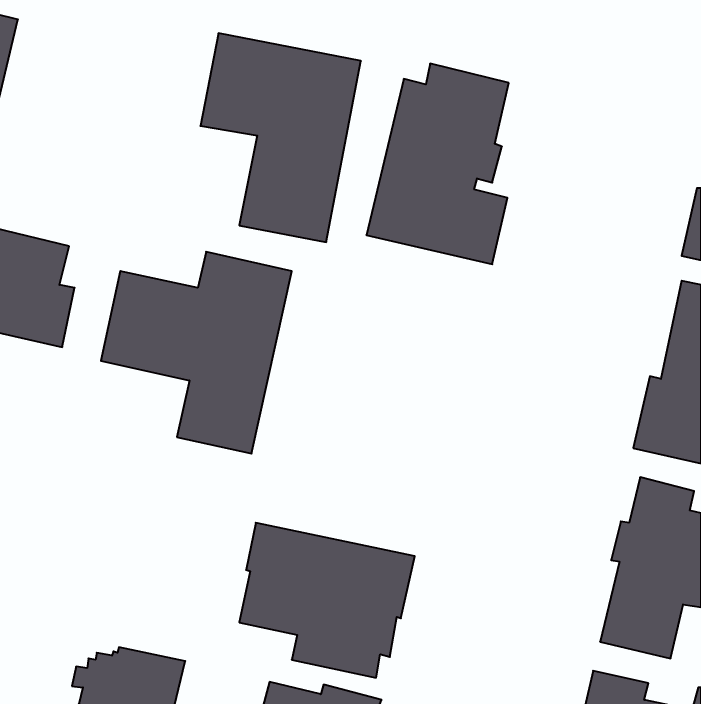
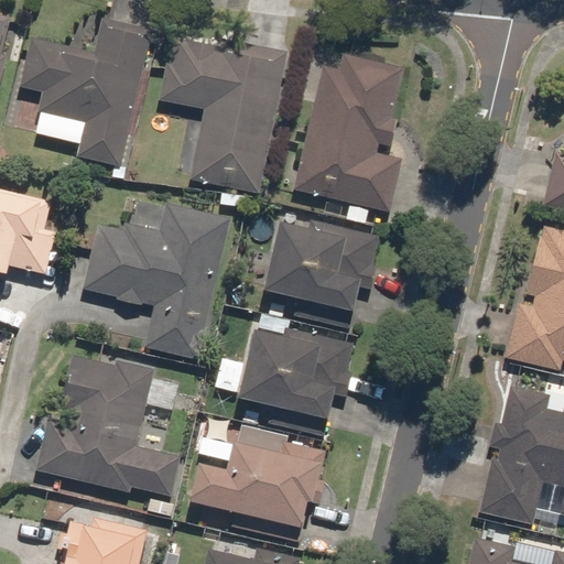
building: none -> [18,15,156,170]
building: none -> [267,213,380,333]
building: none -> [242,319,356,438]
building: none -> [33,350,180,501]

